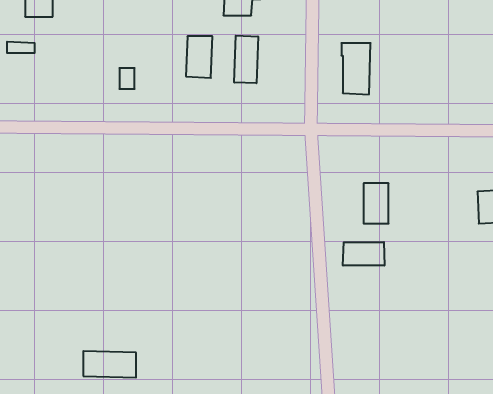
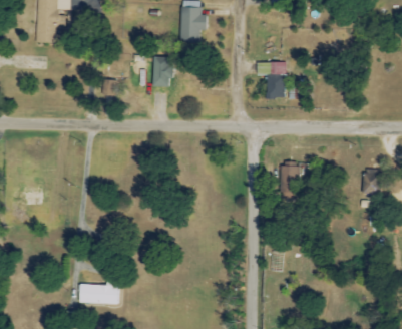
building: [234,36,258,83] -> none
building: [343,242,384,266] -> none

